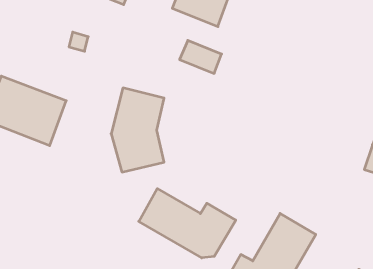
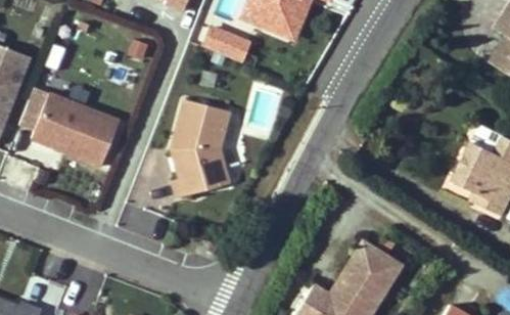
building: [180,40,222,73] -> [199,22,246,59]
building: [139,189,236,258] -> none

